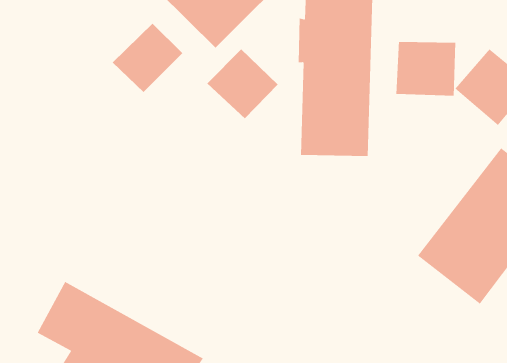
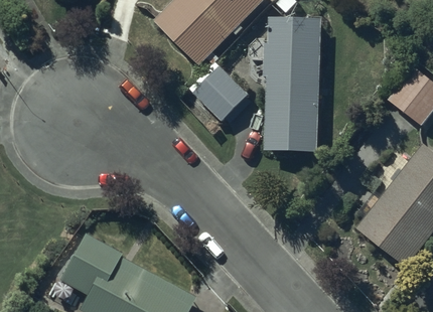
building: [112,23,183,93] -> none
building: [396,41,456,96] -> none

